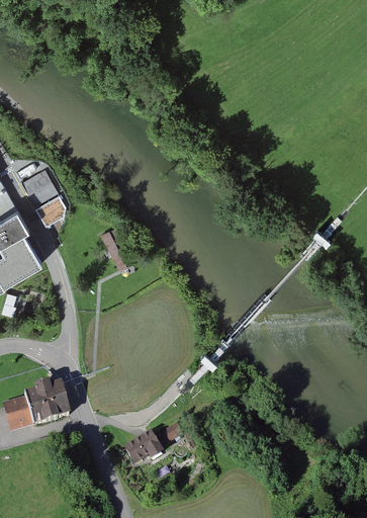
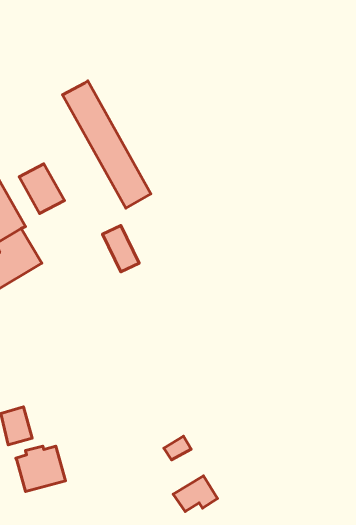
building: none -> [63,81,151,208]
building: [23,384,70,427] -> [16,446,65,492]
building: [120,434,162,467] -> [173,476,217,511]

